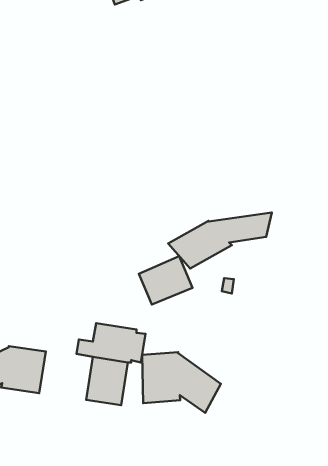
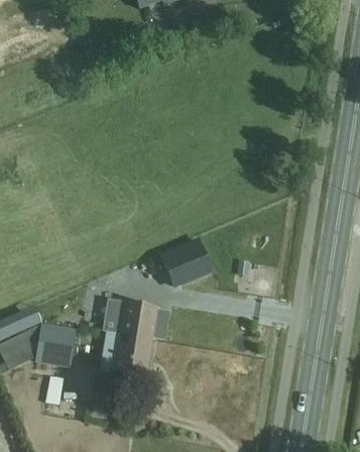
building: [168,212,272,268] -> none
building: [142,352,221,413] -> none

